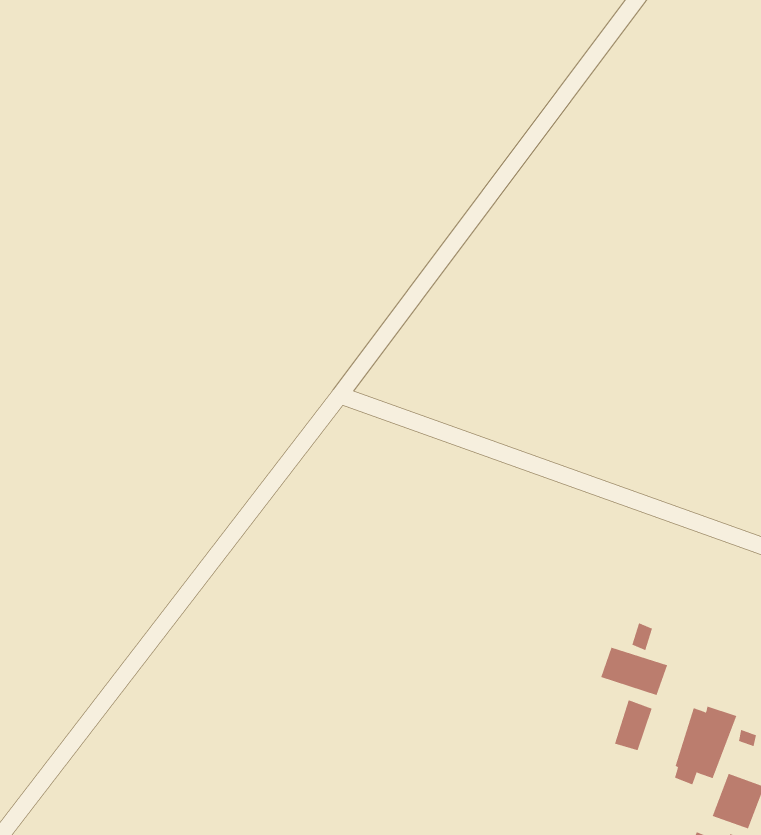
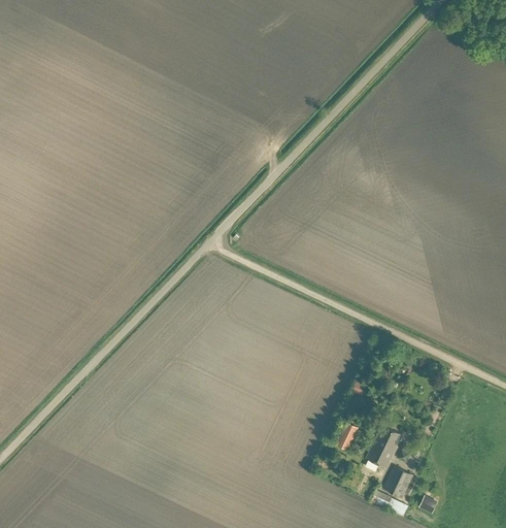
building: [600,647,668,696] -> none

